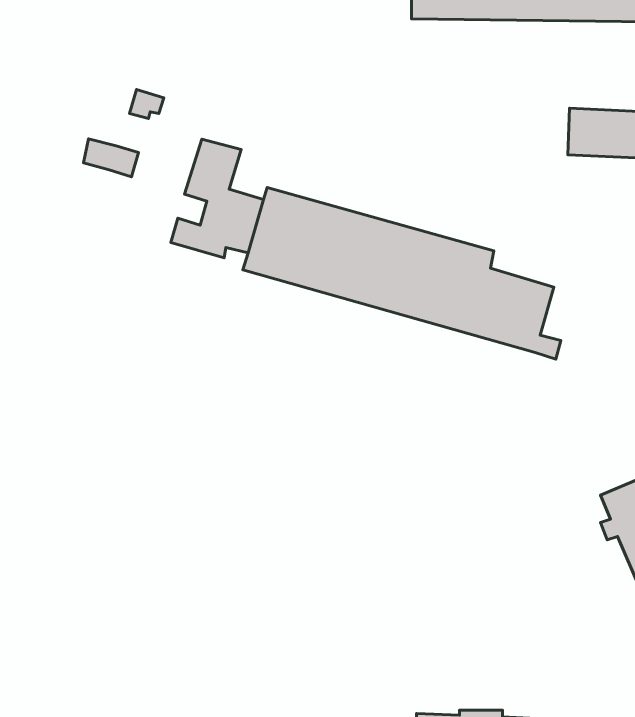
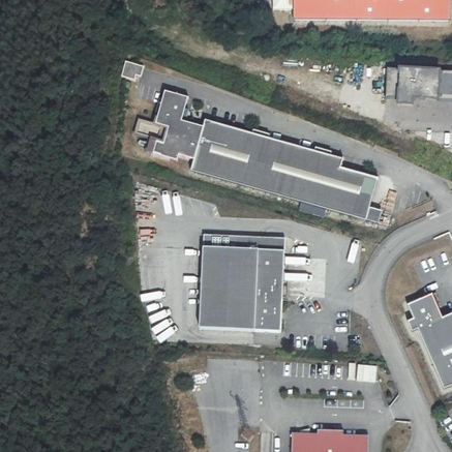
building: [83,139,138,177] -> [135,118,169,141]
building: none -> [199,234,284,331]

